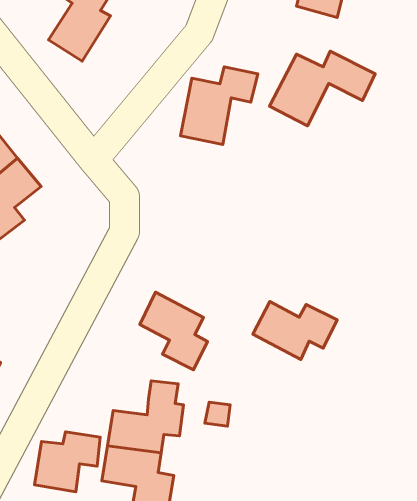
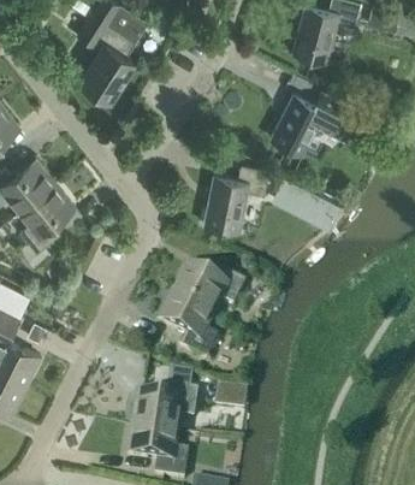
building: [180,67,258,144] -> [203,167,269,233]
building: [253,302,337,359] -> [172,271,244,320]
building: [35,432,100,492] -> none

